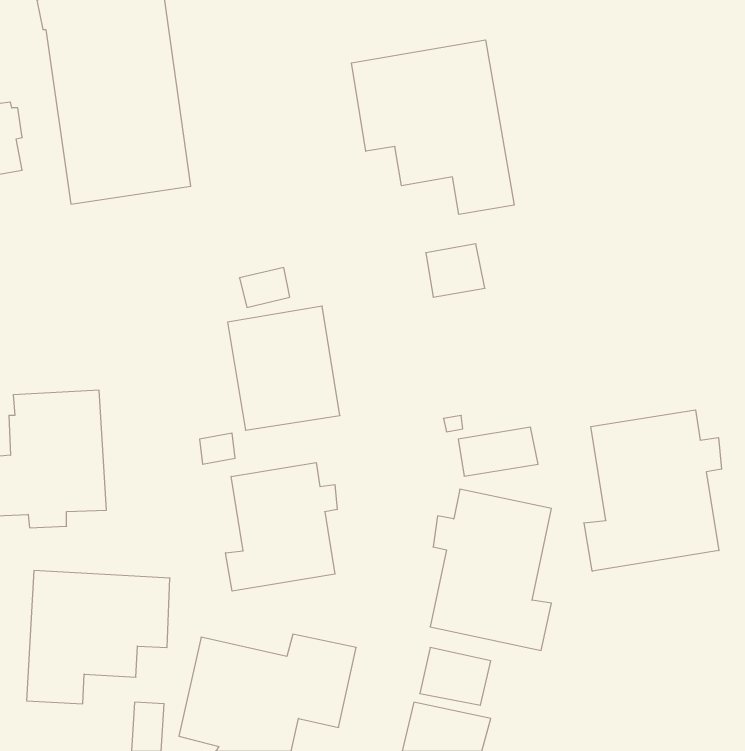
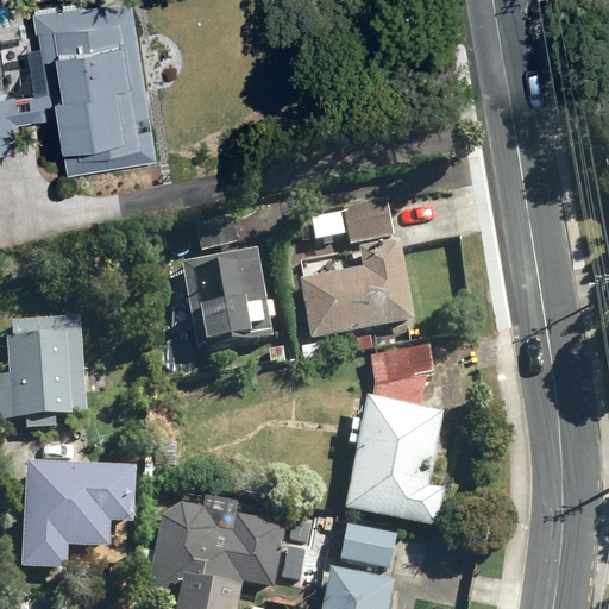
building: [351,40,514,214] -> none
building: none -> [300,238,414,335]
building: [584,410,721,571] -> none
building: [226,463,337,591] -> none

